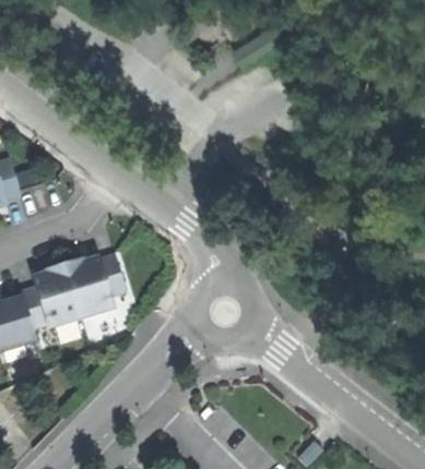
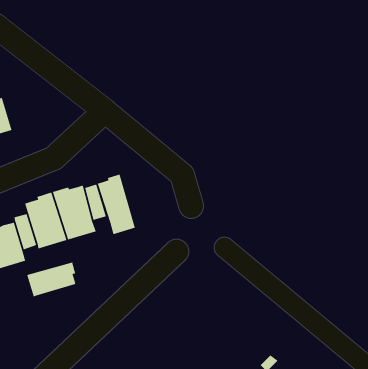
building: none -> [97,173,136,235]
building: none -> [26,261,76,297]

